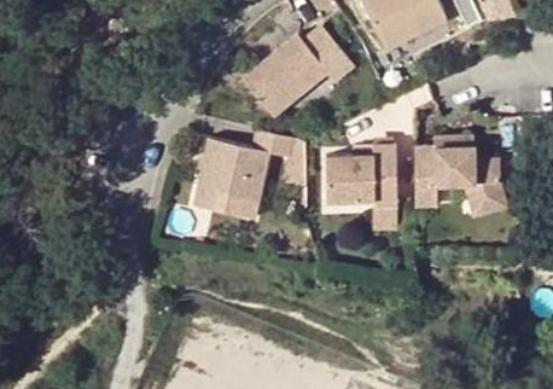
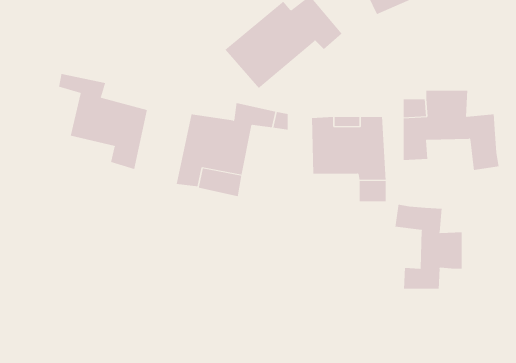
building: none -> [58,73,148,170]
building: none -> [395,204,462,289]

